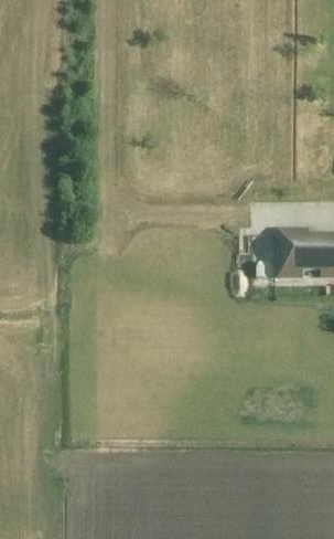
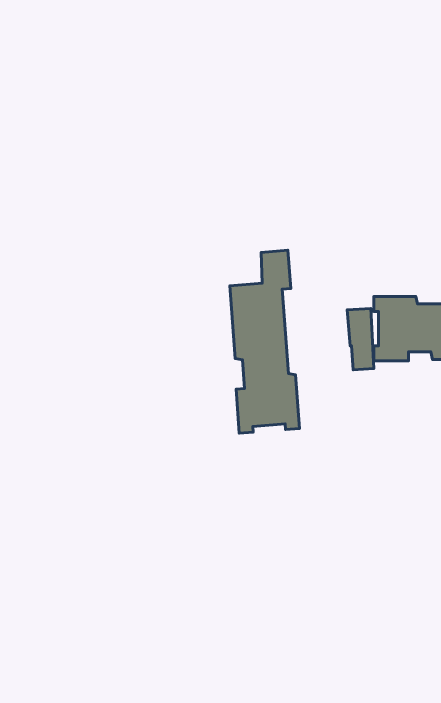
building: none -> [230,250,299,433]

